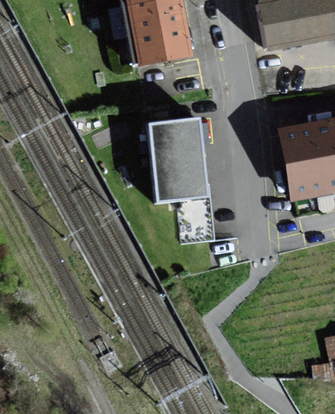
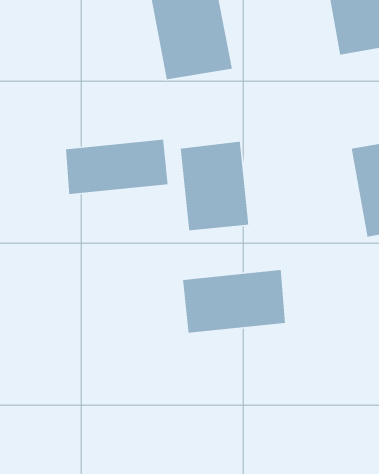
building: none -> [65,139,169,195]
building: none -> [182,269,286,333]

